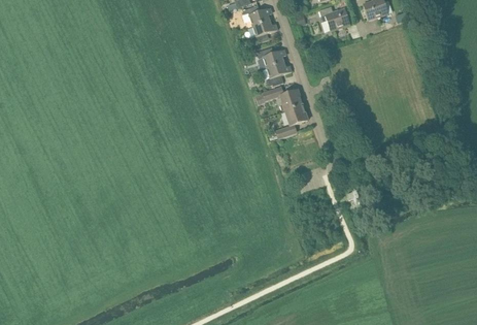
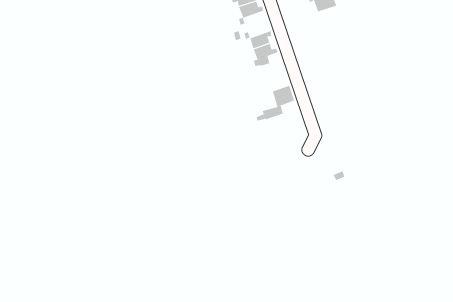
building: [263,85,303,109] -> none

